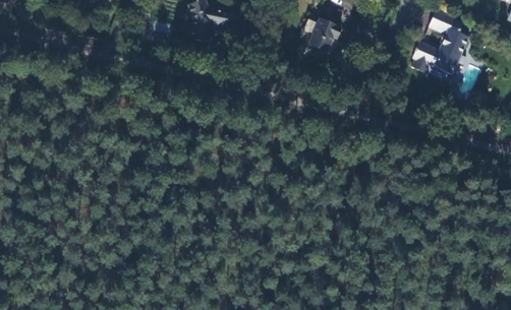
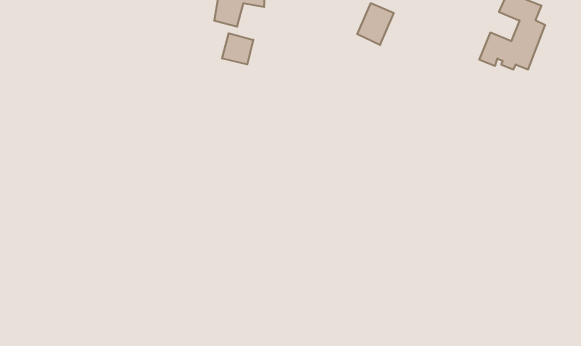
building: none -> [222,33,253,64]

